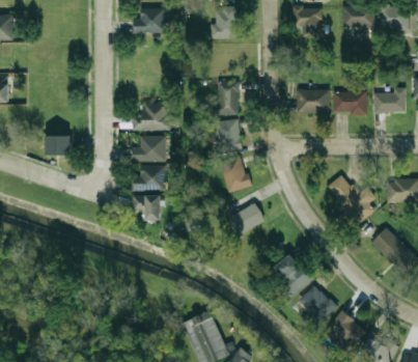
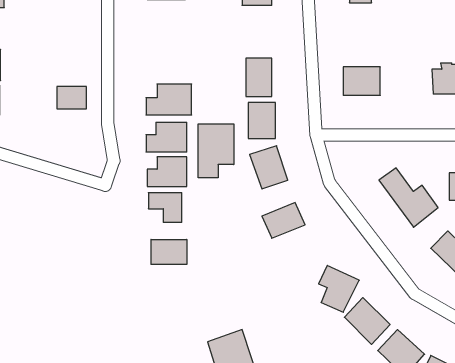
building: [334,92,367,114] -> none
building: [47,137,72,156] -> [57,87,86,109]
building: none -> [198,124,234,178]
building: none -> [151,239,187,264]

